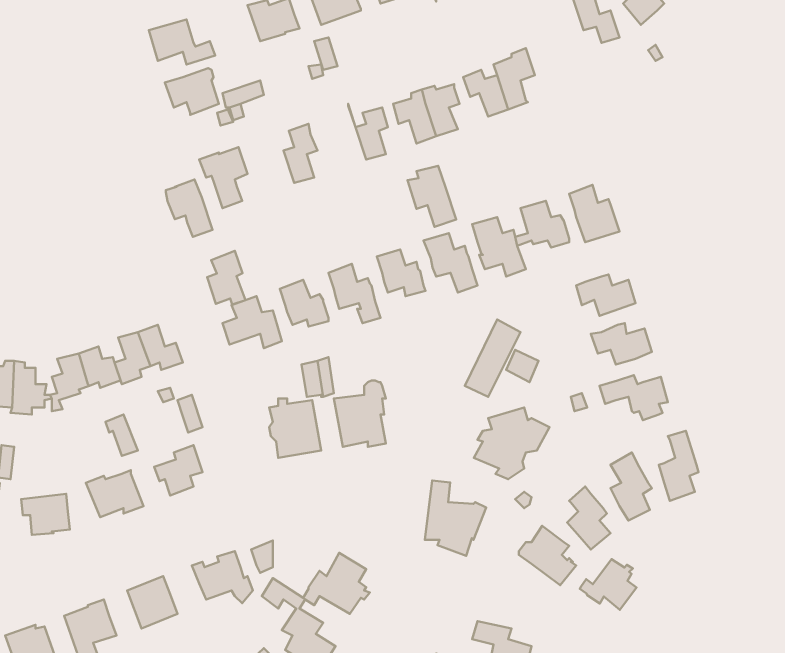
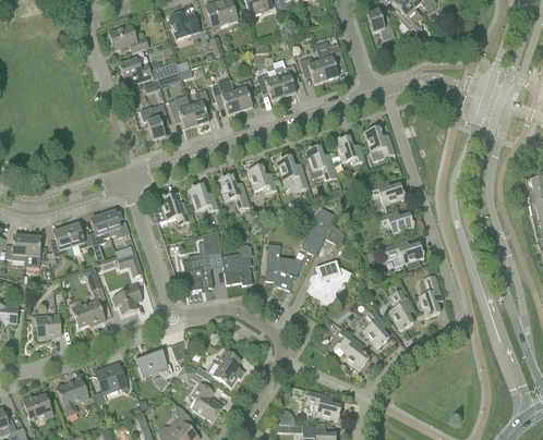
building: [408,166,456,227] -> [212,77,241,114]
building: [166,179,212,237] -> [169,94,197,129]
building: [207,251,245,304] -> none
building: [425,481,486,556] -> [265,244,302,290]
building: [580,559,636,610] -> none

